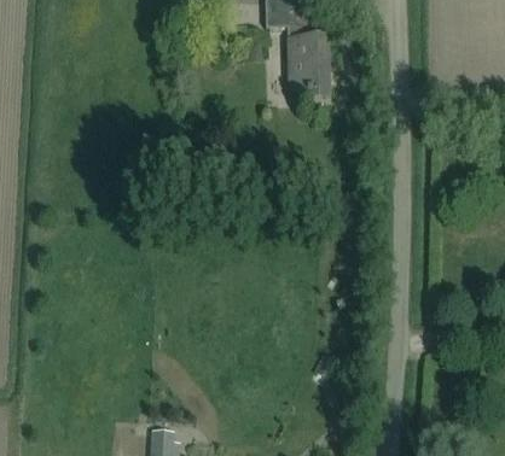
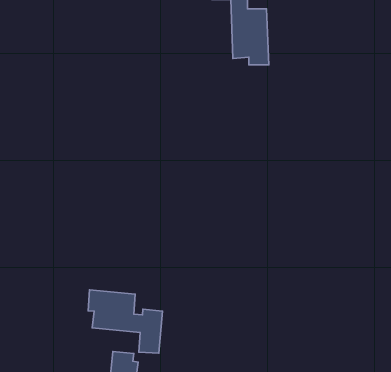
building: none -> [88,290,163,353]

